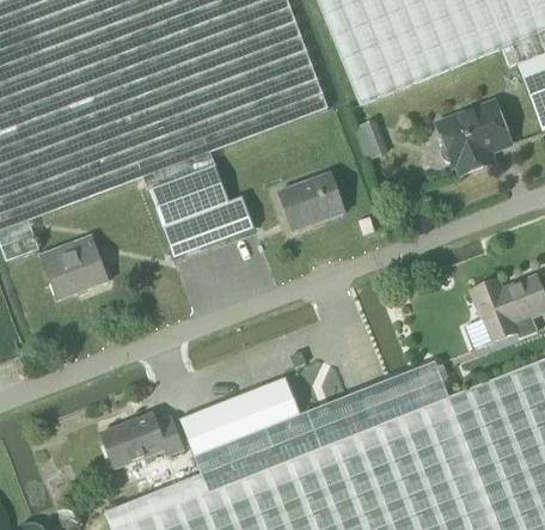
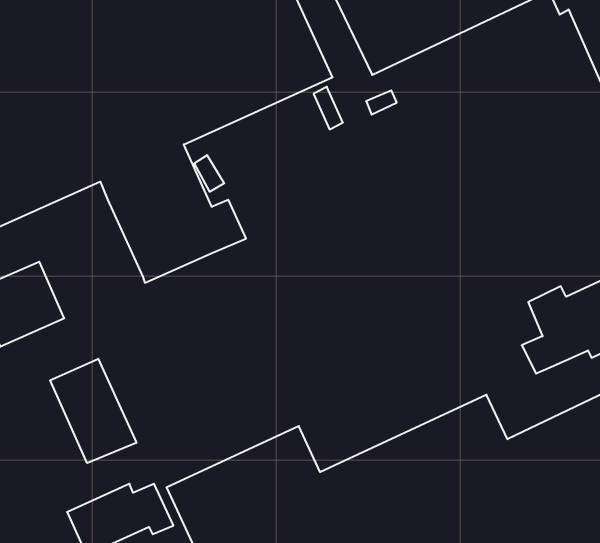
building: [435,102,509,175] -> none
building: [277,172,344,231] -> none
building: none -> [50,359,136,463]

